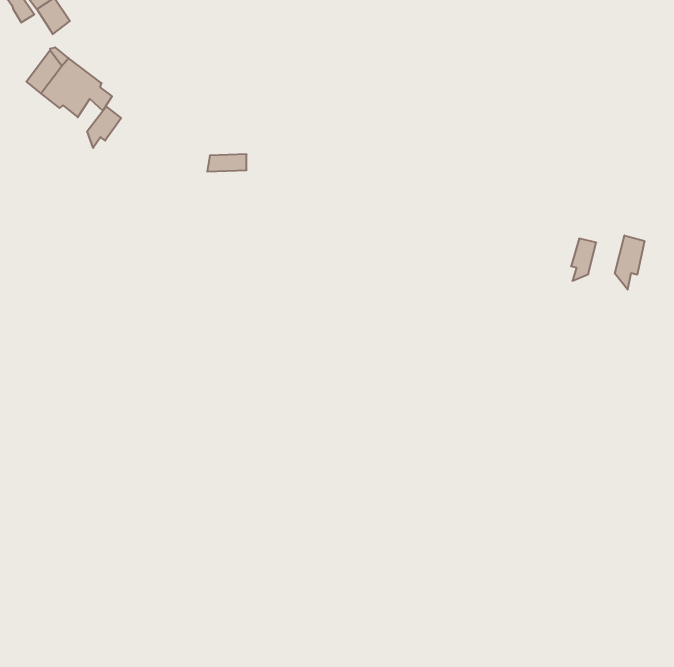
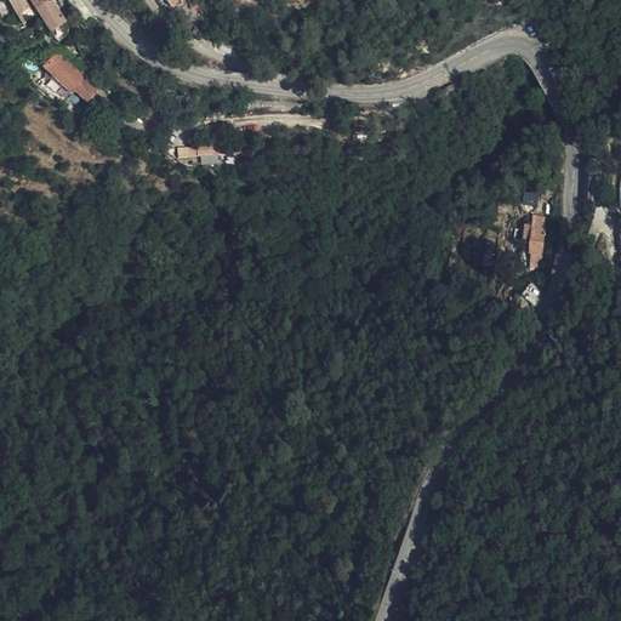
building: [87,106,121,148] -> none
building: [615,235,644,290] -> none

